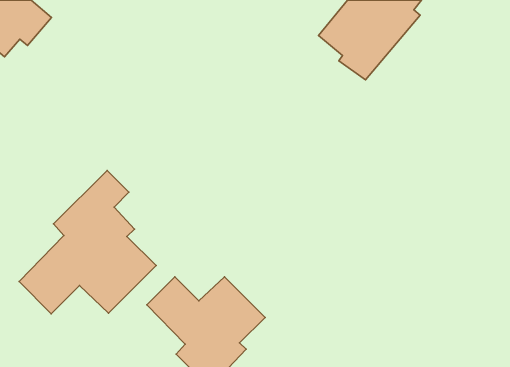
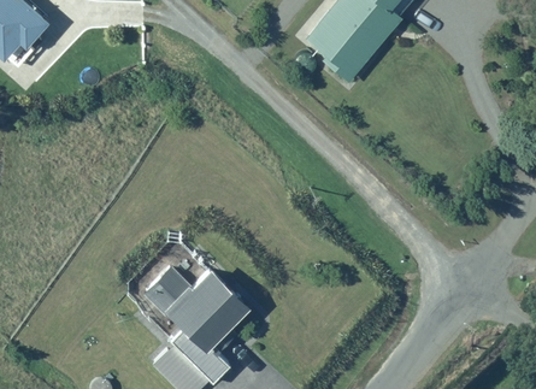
building: [19,170,156,314] -> none

